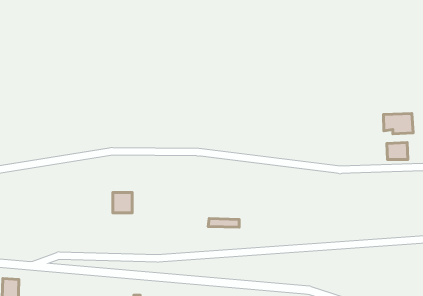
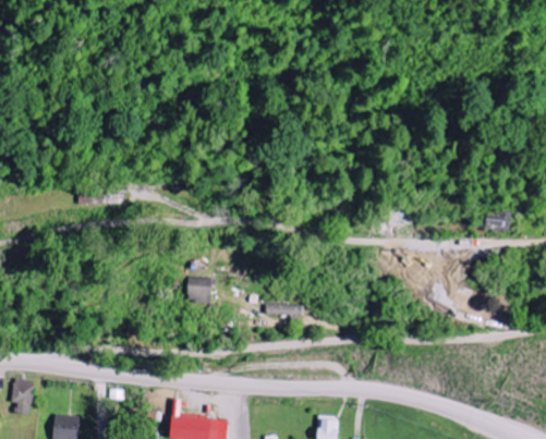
building: [383,113,413,134] -> none
building: [113,193,132,213] -> [190,277,214,302]

